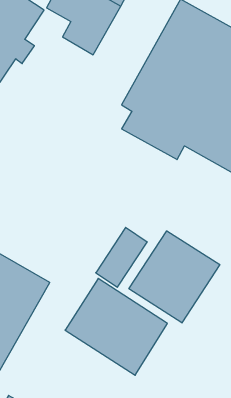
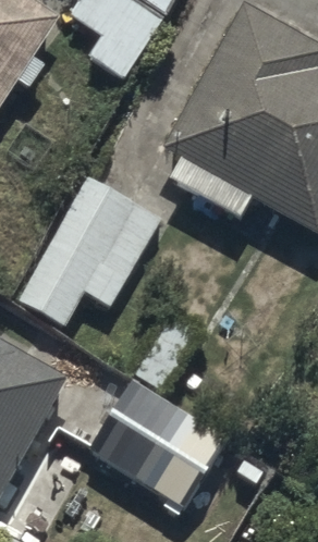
building: none -> [14,175,159,324]
building: [129,231,220,323] -> none

